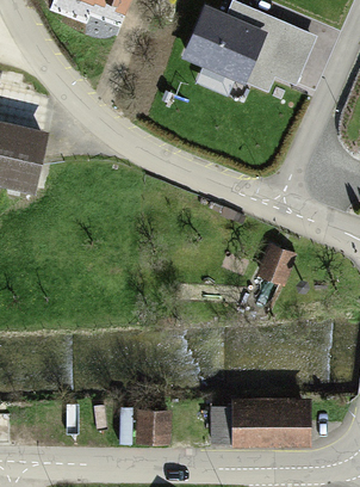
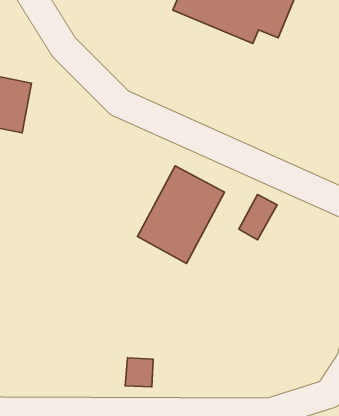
building: none -> [138,166,225,263]
building: [234,399,309,445] -> none

